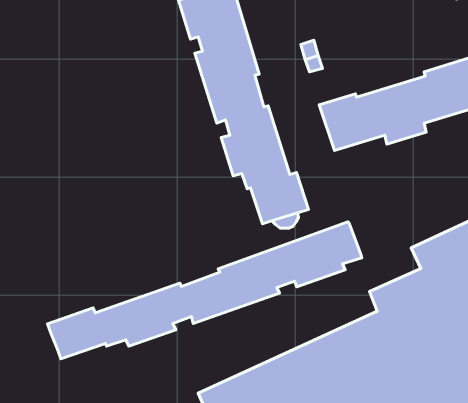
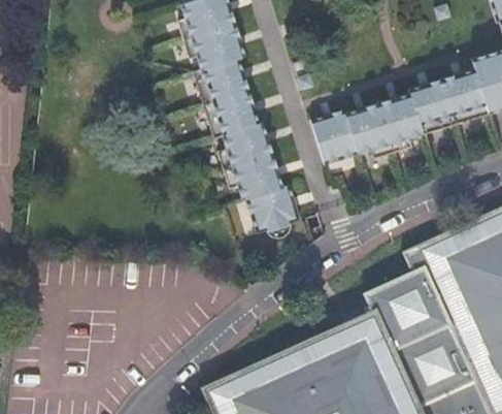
building: [47,222,362,359] -> none

